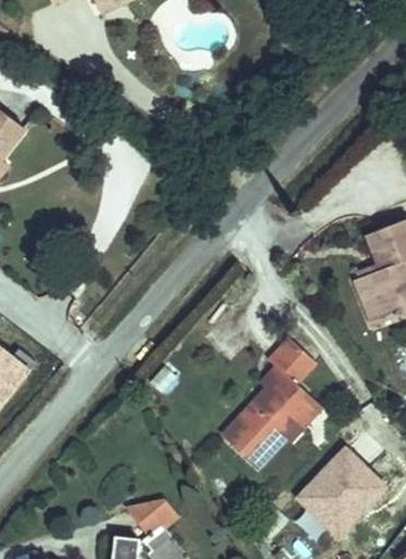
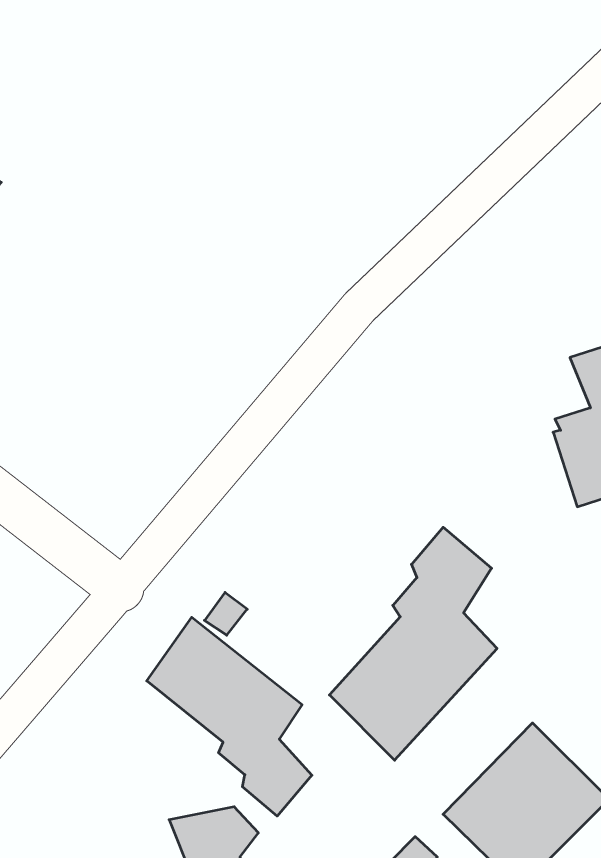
building: none -> [147,617,312,816]

